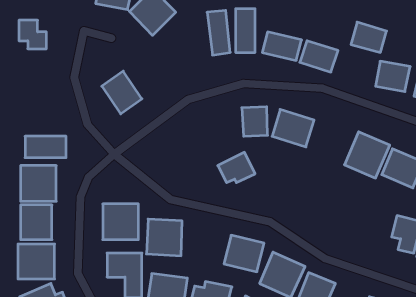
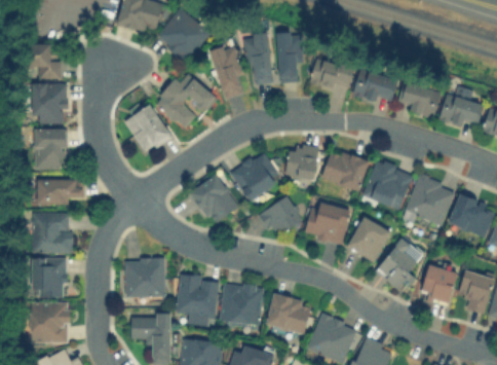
building: none -> [209,45,241,99]
building: [351,22,387,52] -> [399,82,441,117]
building: none -> [153,74,216,130]
building: none -> [33,83,67,123]
building: none -> [33,129,65,170]
building: none -> [229,150,276,202]
building: none -> [362,158,414,211]
building: none -> [189,175,238,226]
building: none -> [303,200,350,245]
building: none -> [347,217,389,261]
building: none -> [376,239,422,287]
building: none -> [419,264,457,304]
building: none -> [218,281,264,328]

